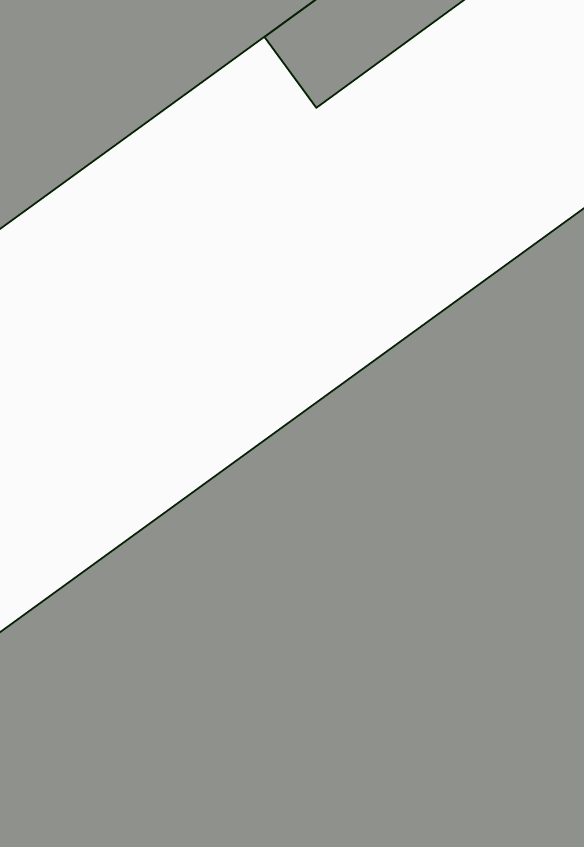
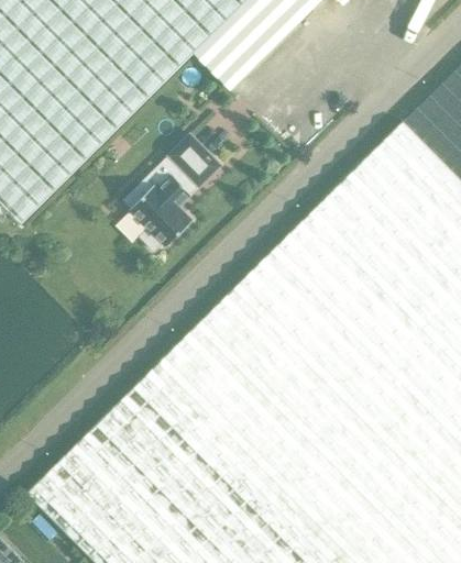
building: none -> [124,133,220,251]

